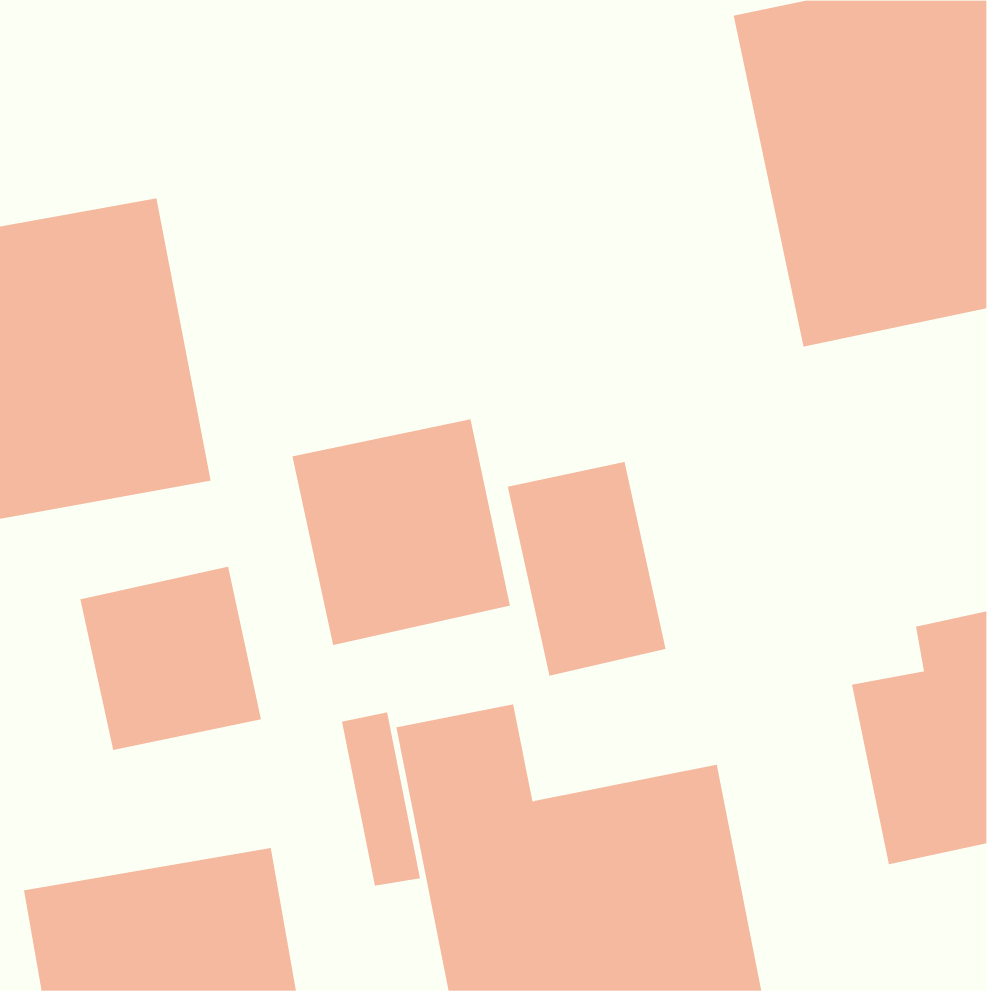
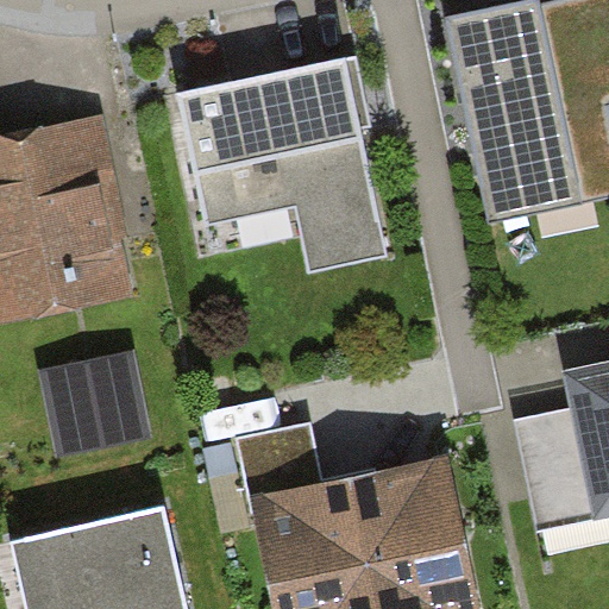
building: none -> [180,52,393,276]
building: [292,418,511,646] -> none
building: [507,461,666,677] -> none

